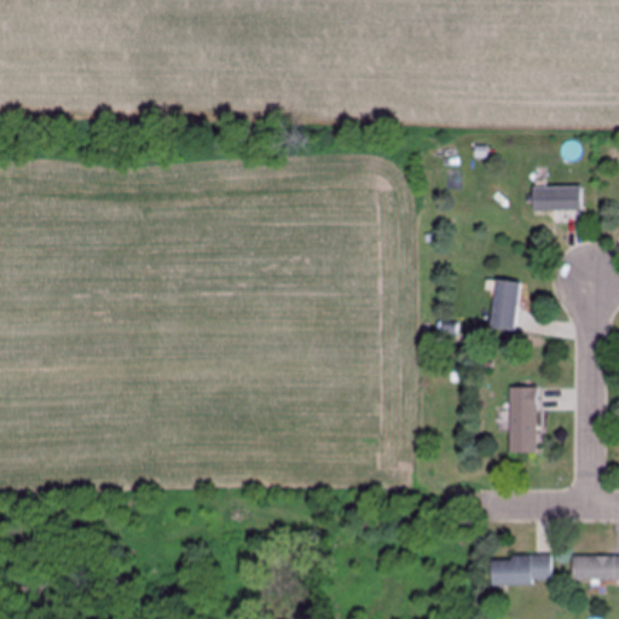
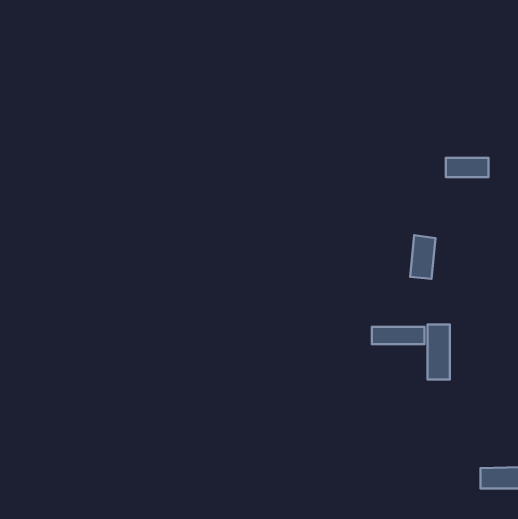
building: none -> [372,327,424,344]
building: [491,555,553,584] -> none

